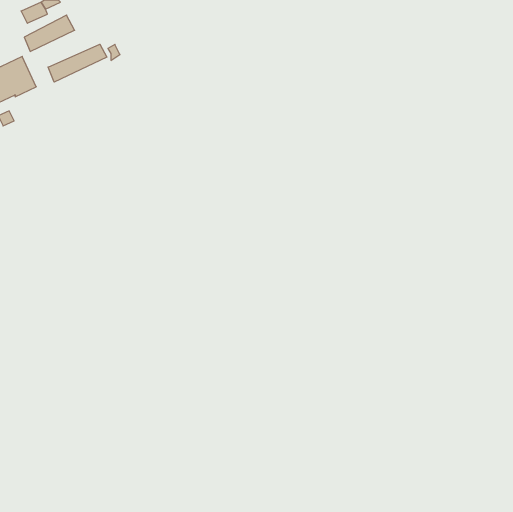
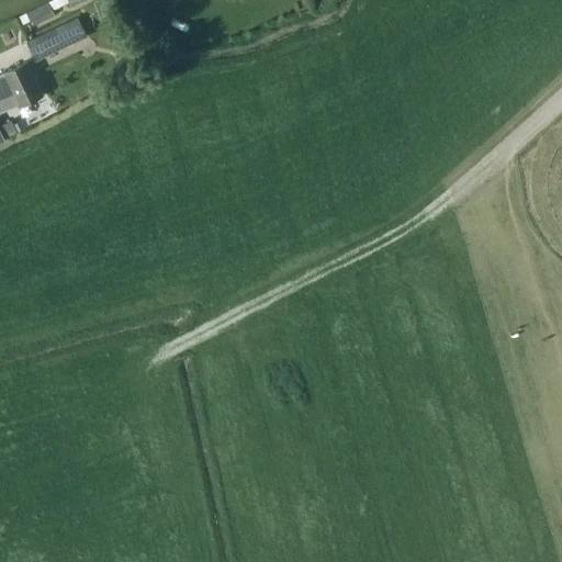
building: [48,44,107,82] -> none

